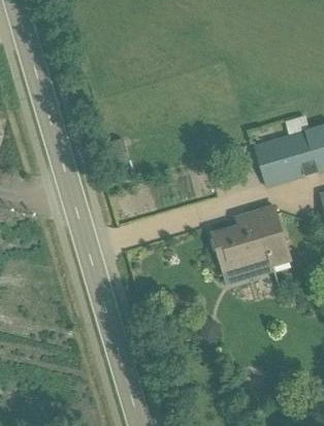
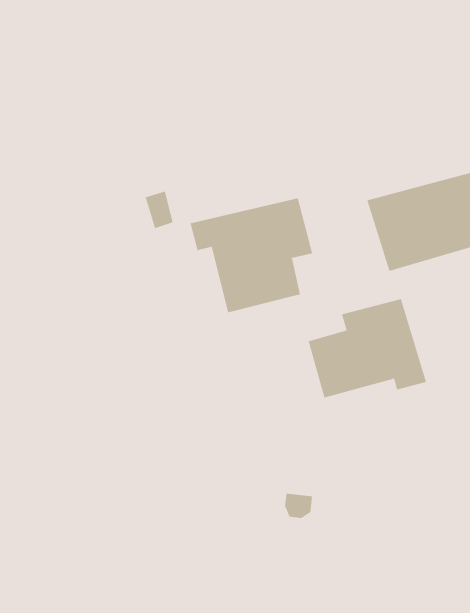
building: none -> [190,197,313,313]

